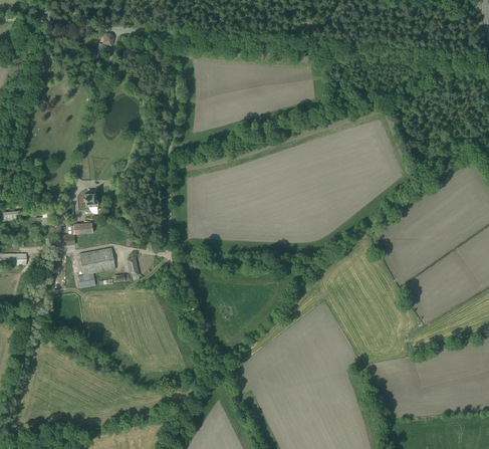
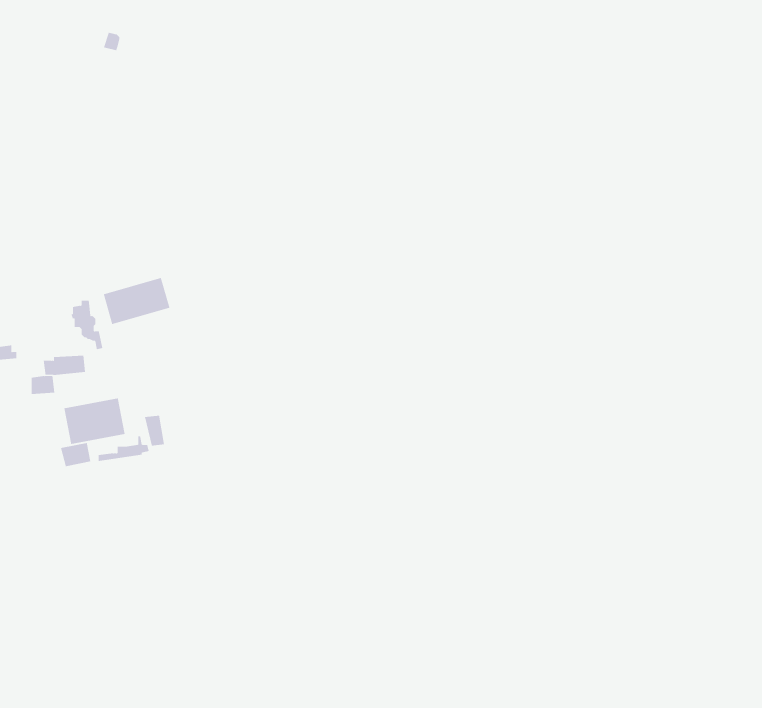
building: none -> [103,277,170,325]

